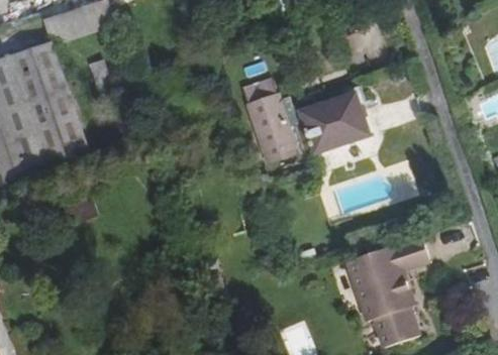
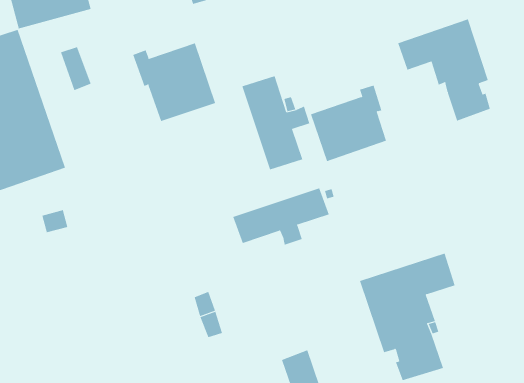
building: none -> [398,18,491,122]
building: none -> [133,43,216,122]
building: none -> [233,187,329,245]

